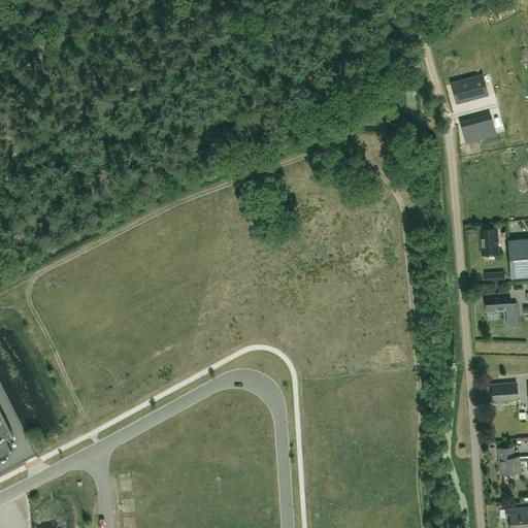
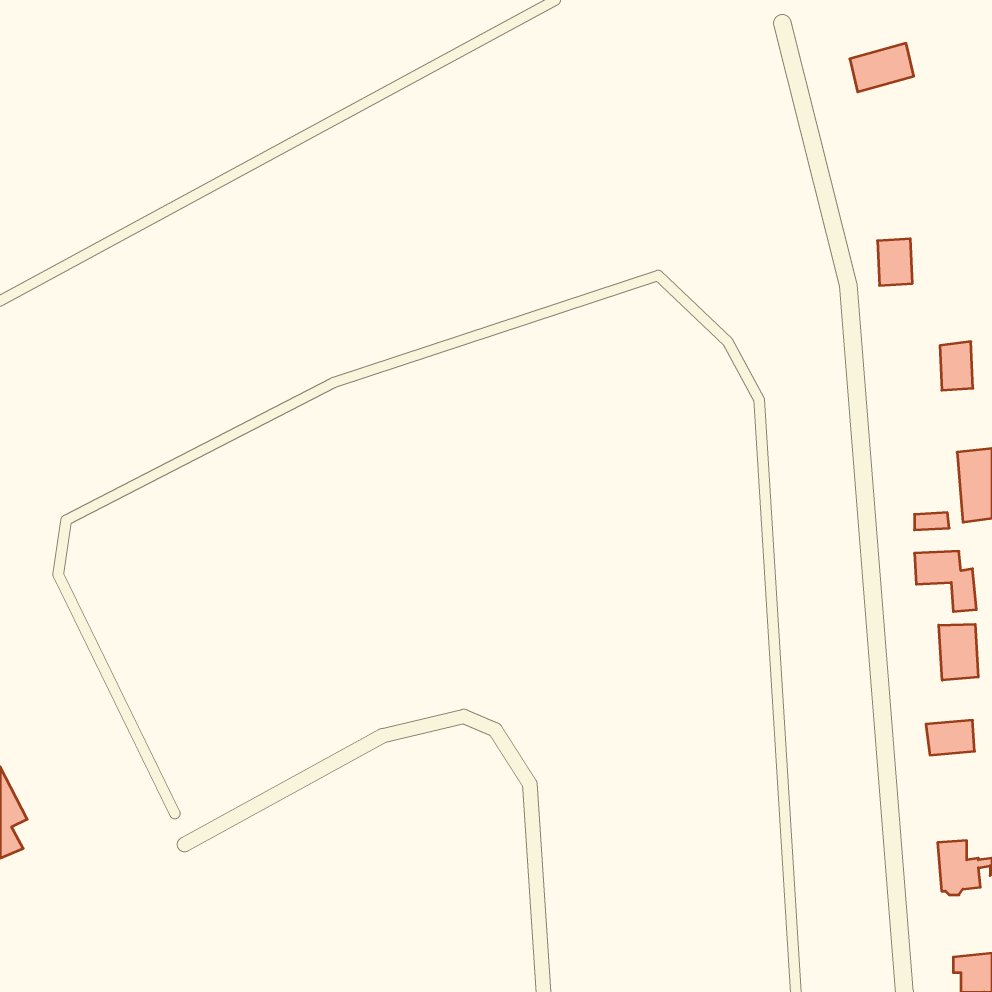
building: [451,76,485,102] -> [850,43,914,92]
building: [481,228,498,254] -> [940,342,973,390]
building: none -> [939,624,978,680]

